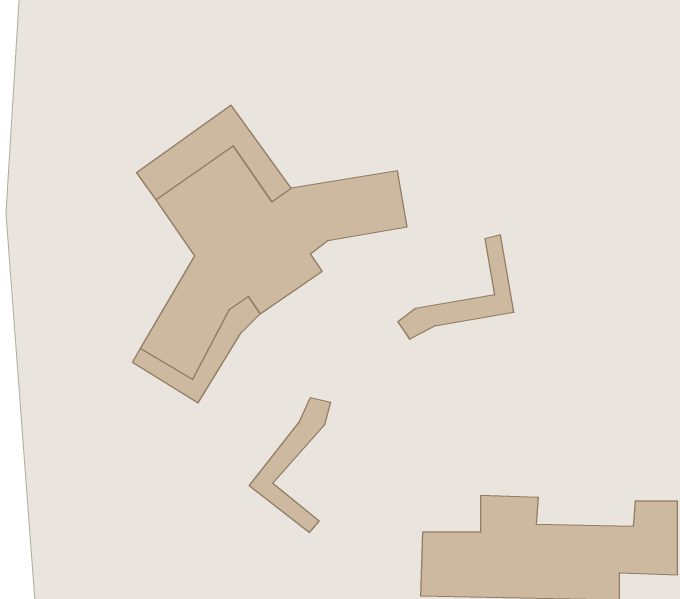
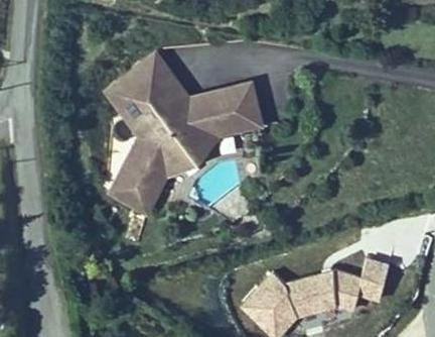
building: [398,235,514,339] -> [199,90,260,144]
building: [249,398,331,533] -> none

